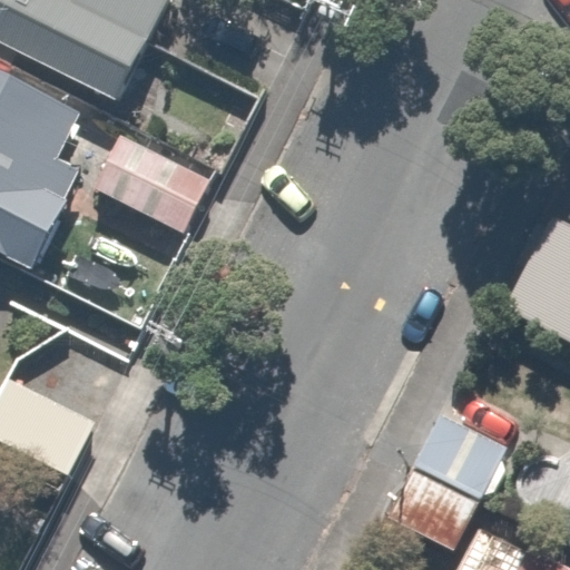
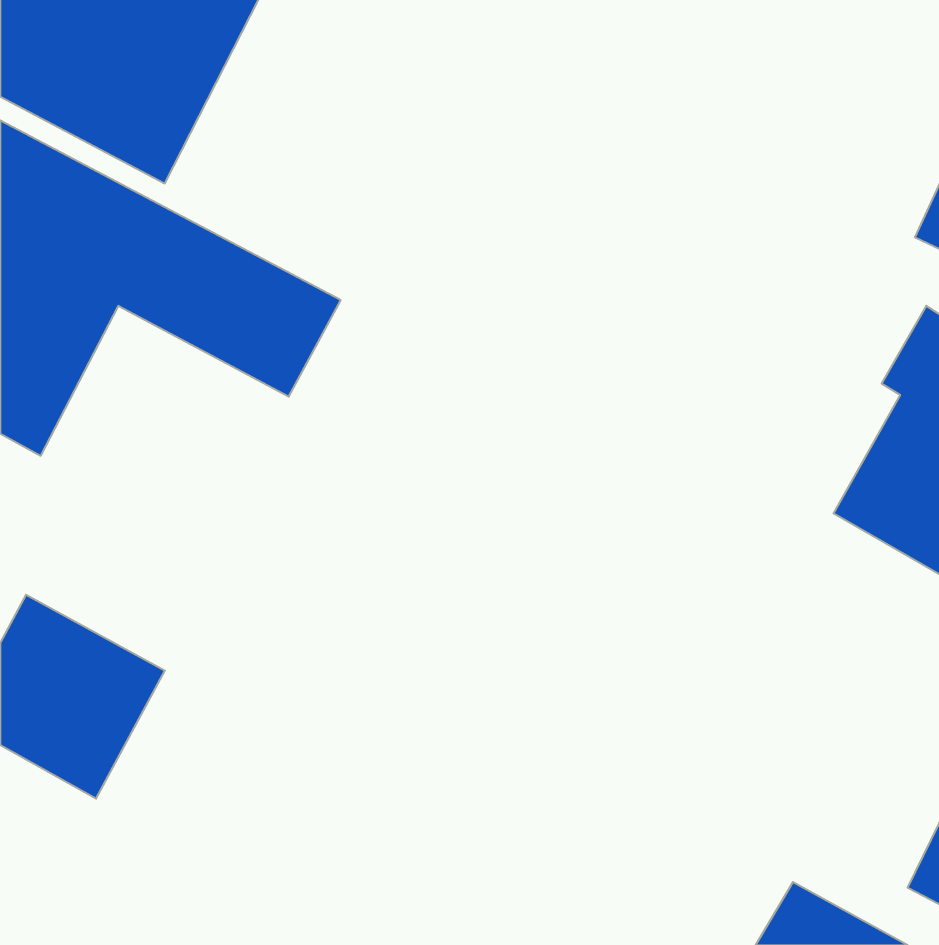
building: [394,423,503,546] -> none

